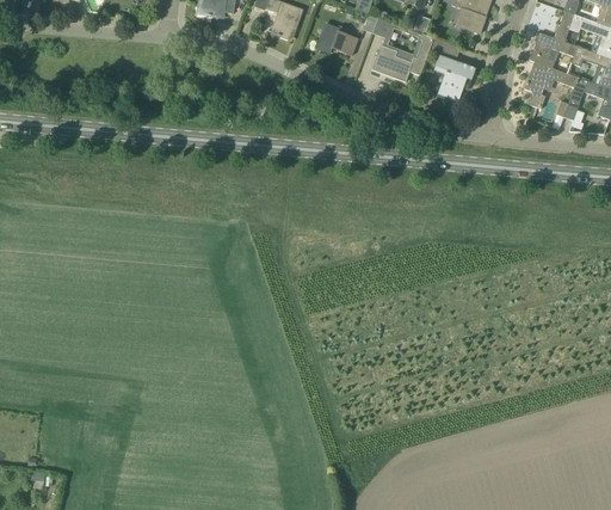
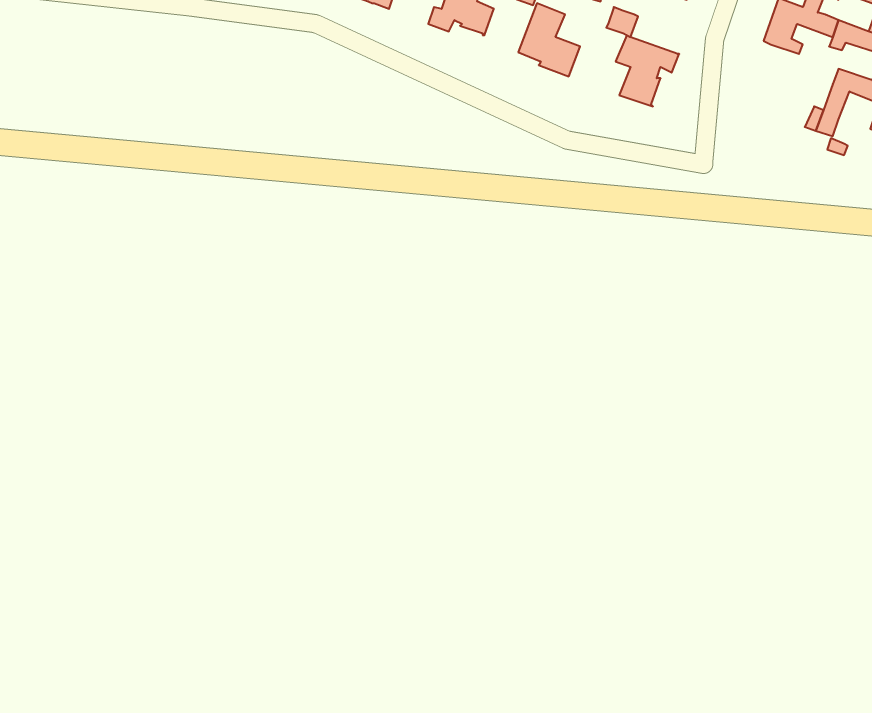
building: [524,61,576,107] -> none

